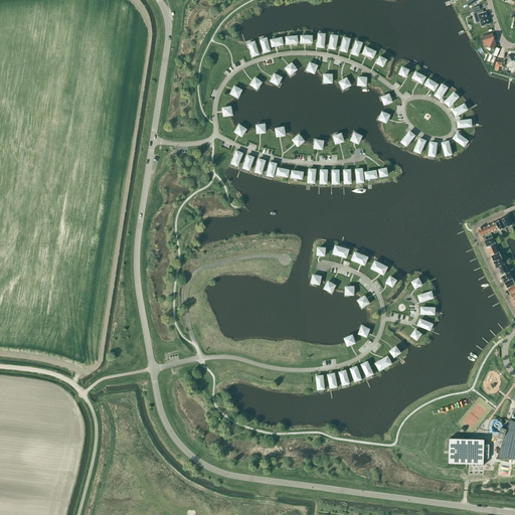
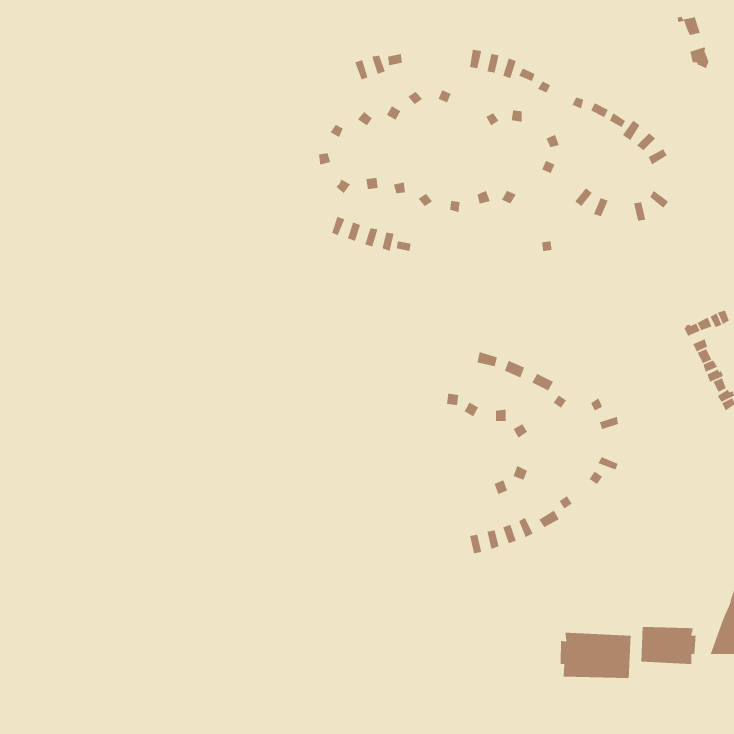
building: none -> [560,632,631,679]

